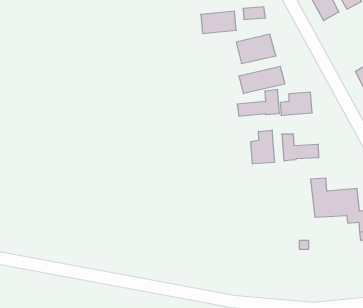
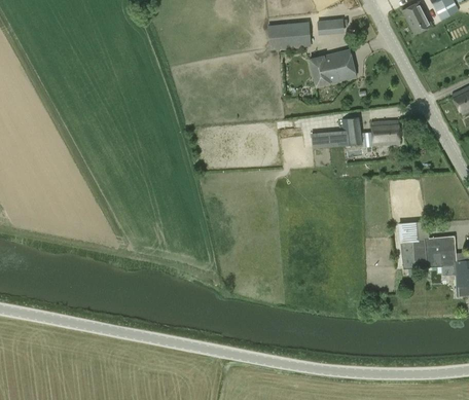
building: [239,66,285,94] -> none
building: [251,130,274,164] -> none
building: [282,134,319,161] -> none

